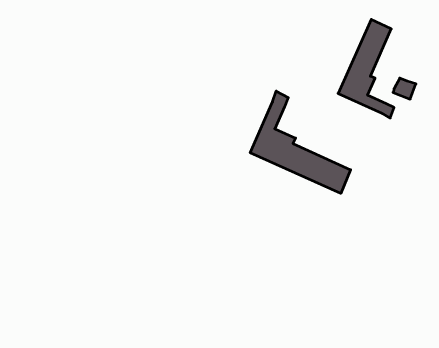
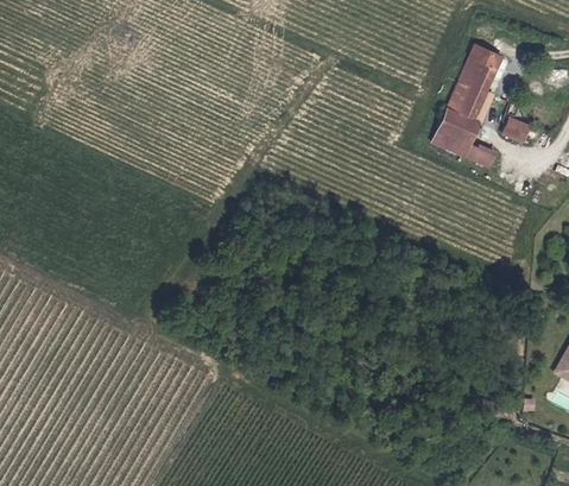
building: [250,91,351,193] -> none

